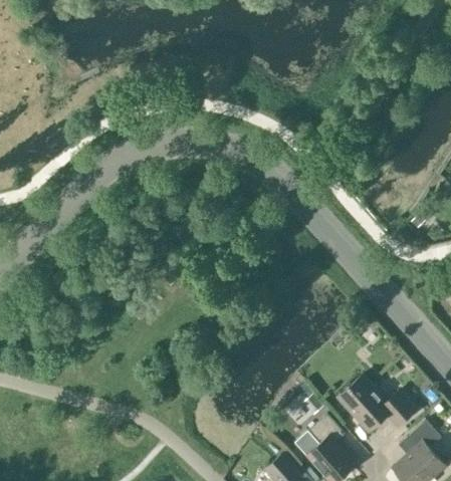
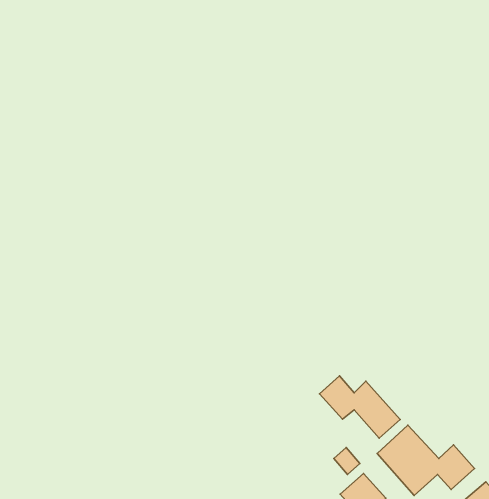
building: none -> [320,376,400,438]

